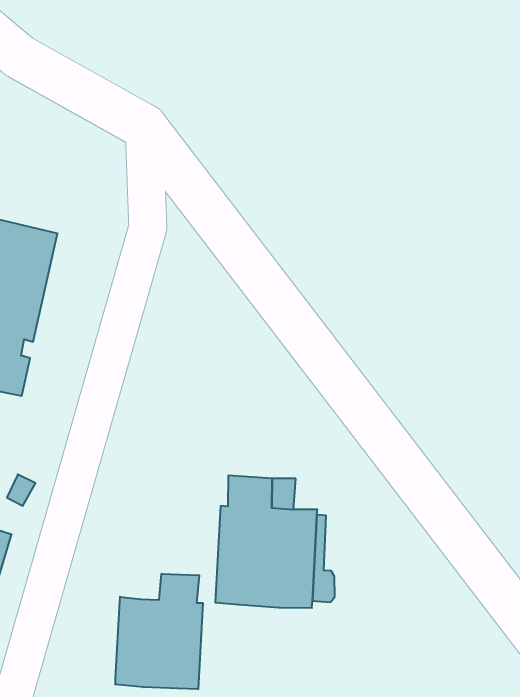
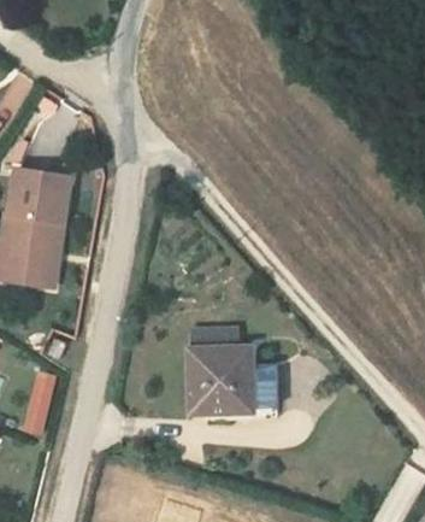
building: [115,574,203,689] -> none

